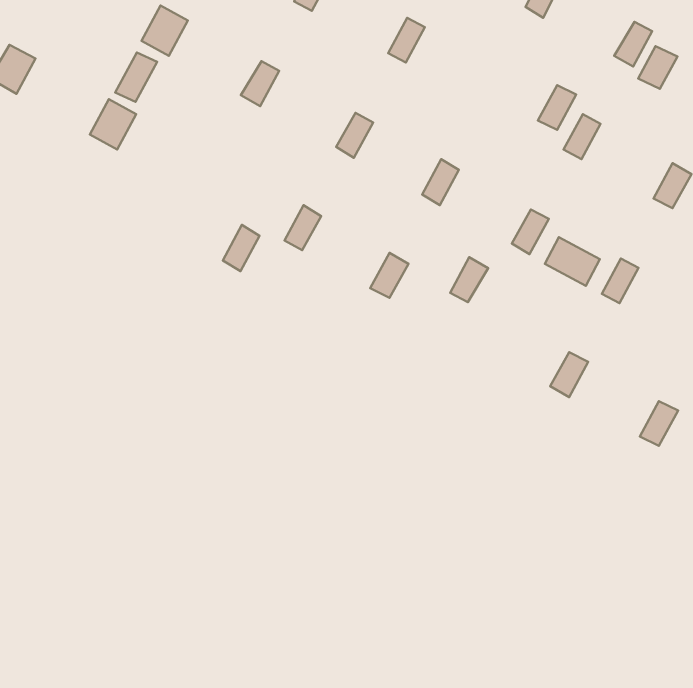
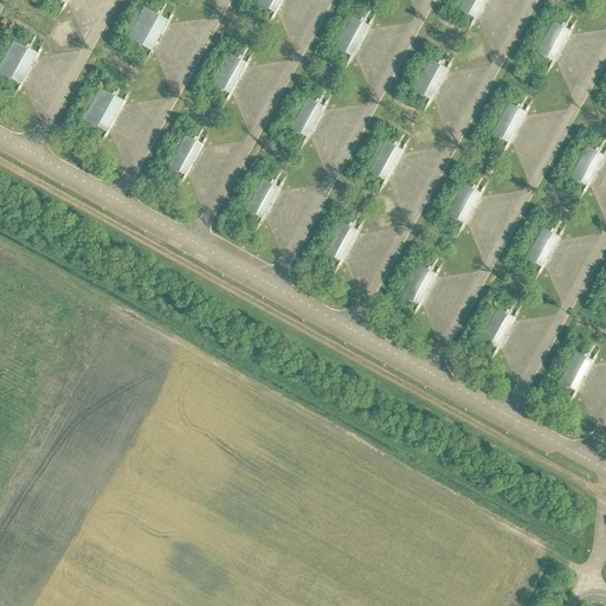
building: [638,46,677,89] -> none
building: [115,52,157,102] -> none
building: [538,85,576,130] -> [412,57,445,96]
building: [223,225,260,271] -> [166,134,198,174]
building: [545,237,600,286] -> none
building: [450,257,488,302] -> [400,263,433,302]

